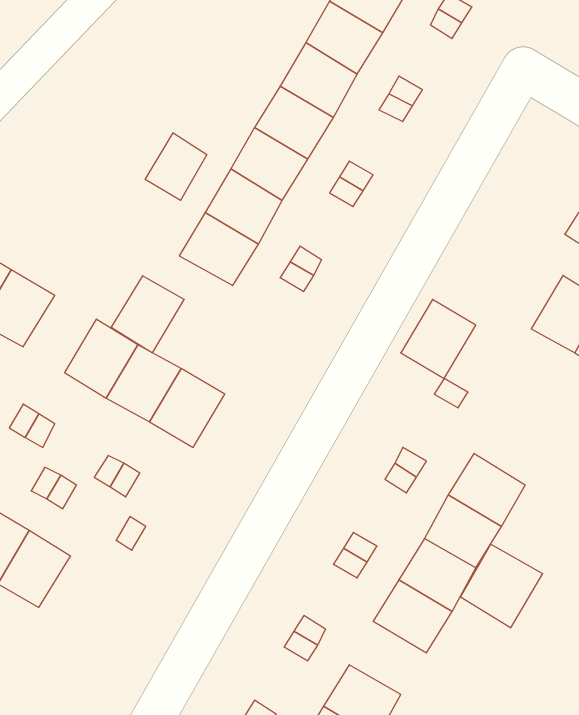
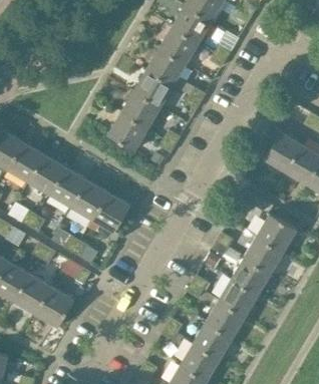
building: [145,133,207,200] -> none
building: [111,276,184,353] -> [28,155,65,195]
building: [401,299,476,378] -> [264,132,302,172]
building: none -> [257,214,296,252]
building: [461,544,543,628] -> none
building: none -> [36,288,74,327]
building: none -> [194,321,233,358]

